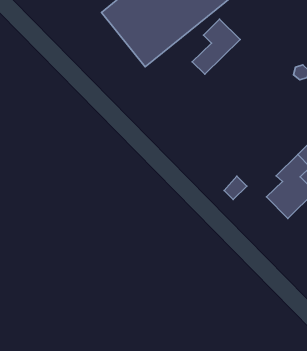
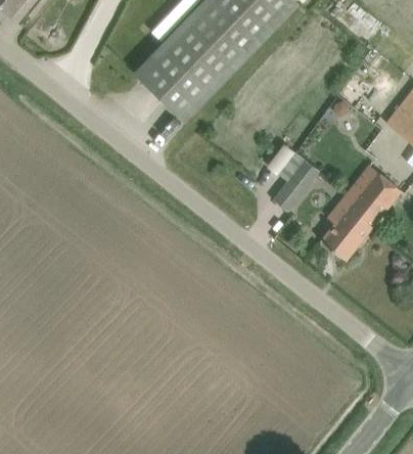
building: [192,19,240,74] -> [274,152,320,211]

